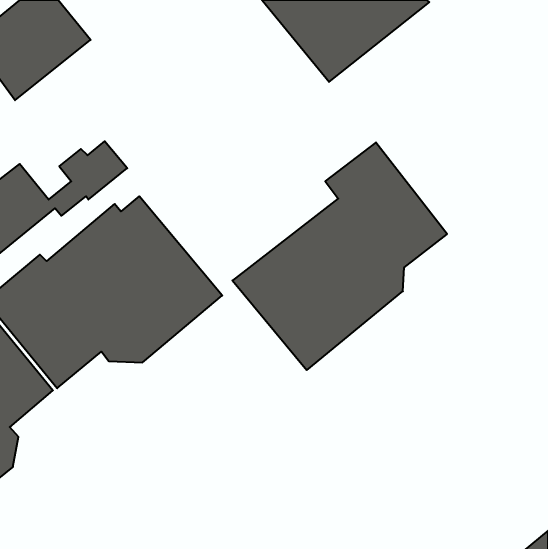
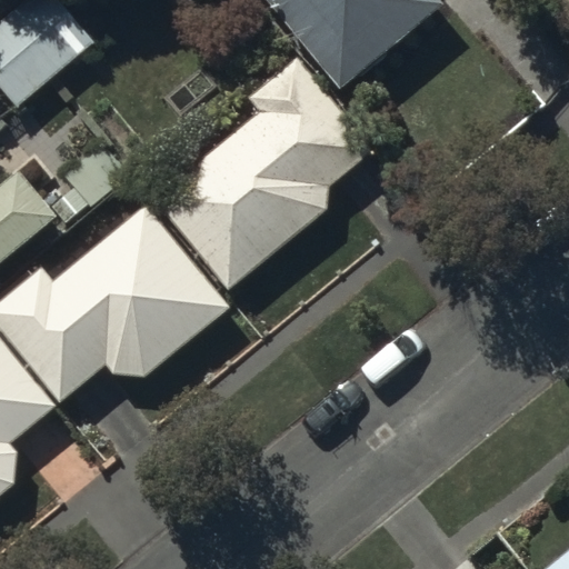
building: [232,142,447,370] -> [151,54,372,289]

